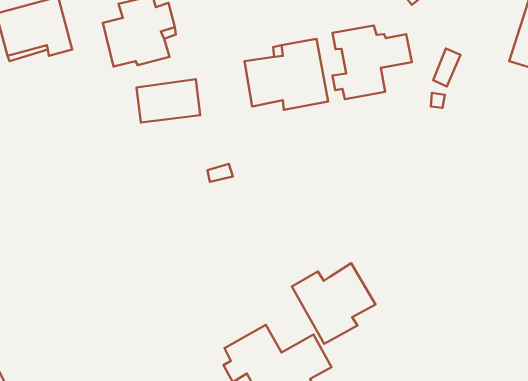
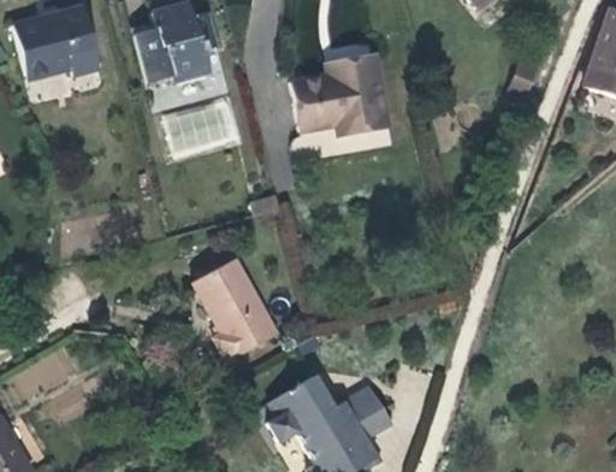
building: [332,26,412,99] -> none
building: none -> [196,259,279,364]
building: [292,263,375,344] -> none

